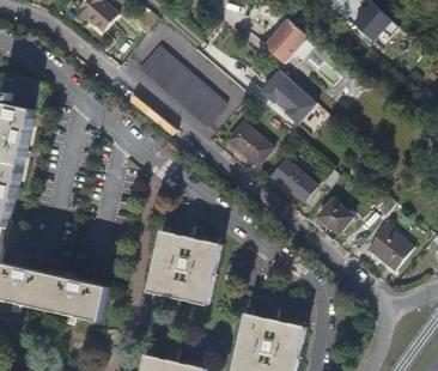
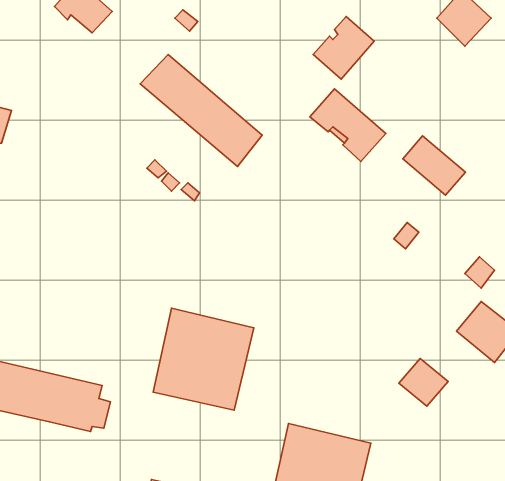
building: [229,122,273,162] -> none
building: [270,159,316,202] -> [403,136,465,195]
building: [317,199,353,233] -> [399,358,448,406]

